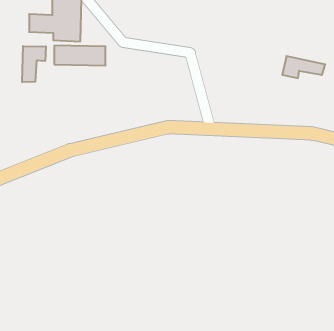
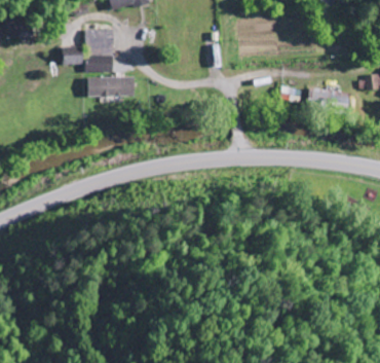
building: [22,46,46,82] -> none

